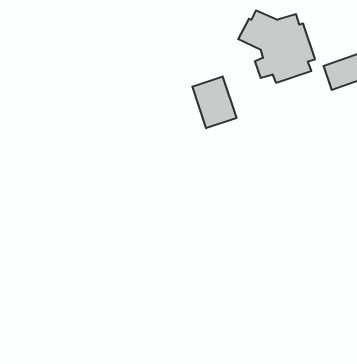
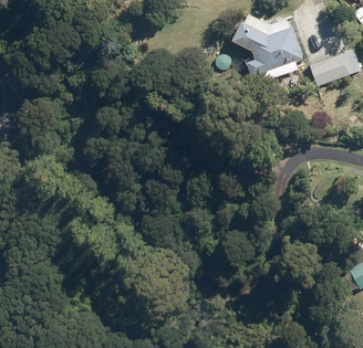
building: [192,76,236,128] -> none

